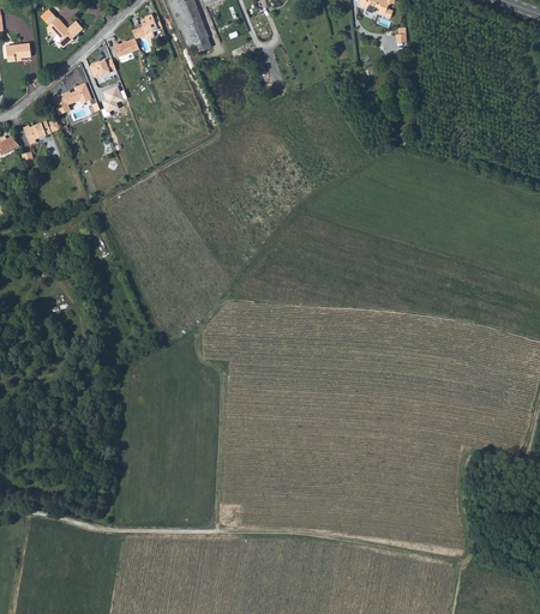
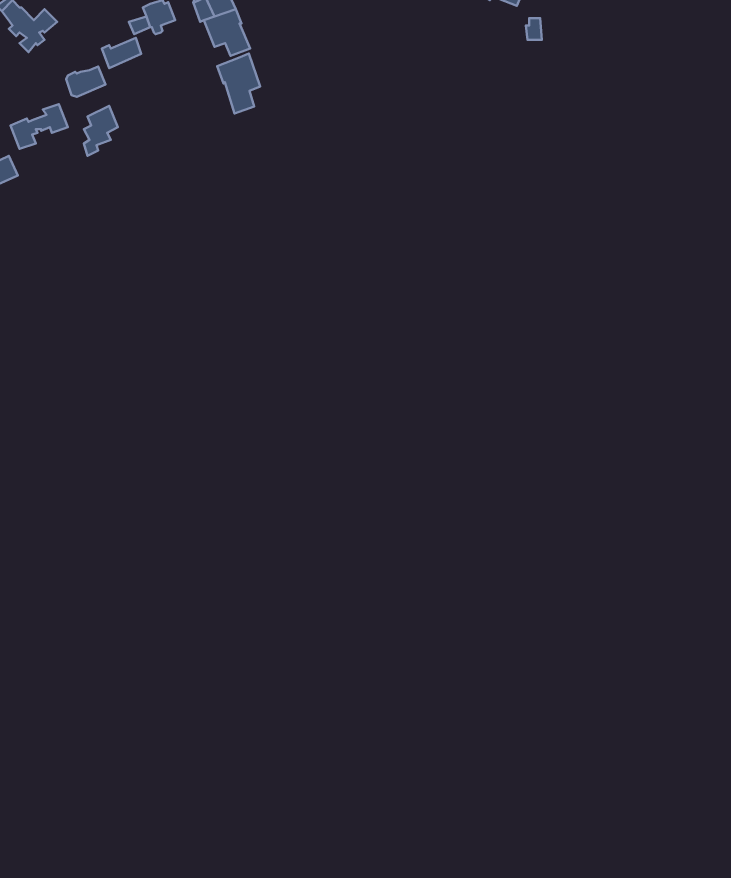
building: none -> [217,53,260,114]

